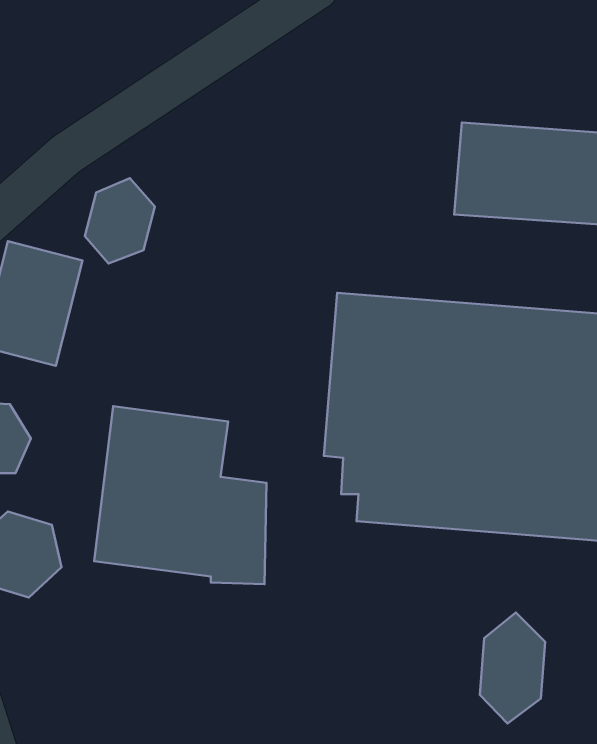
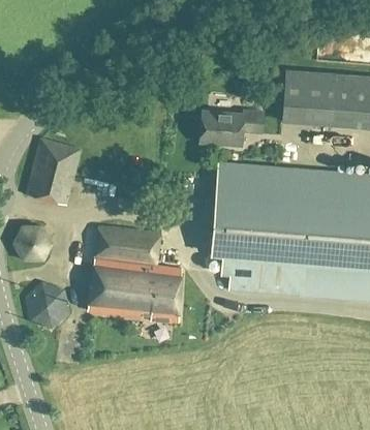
building: [85,178,155,264] -> none
building: none -> [199,110,263,146]
building: [480,612,545,723] -> none

